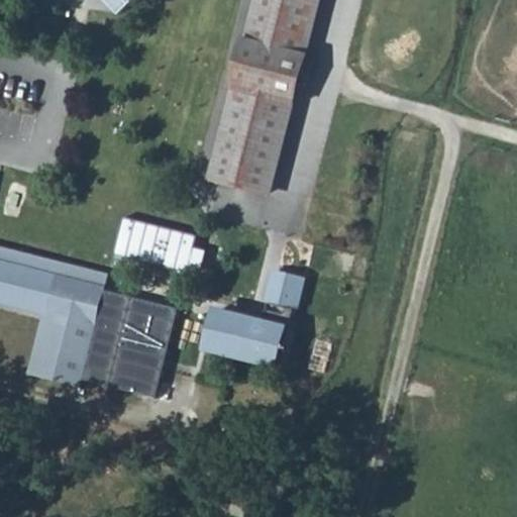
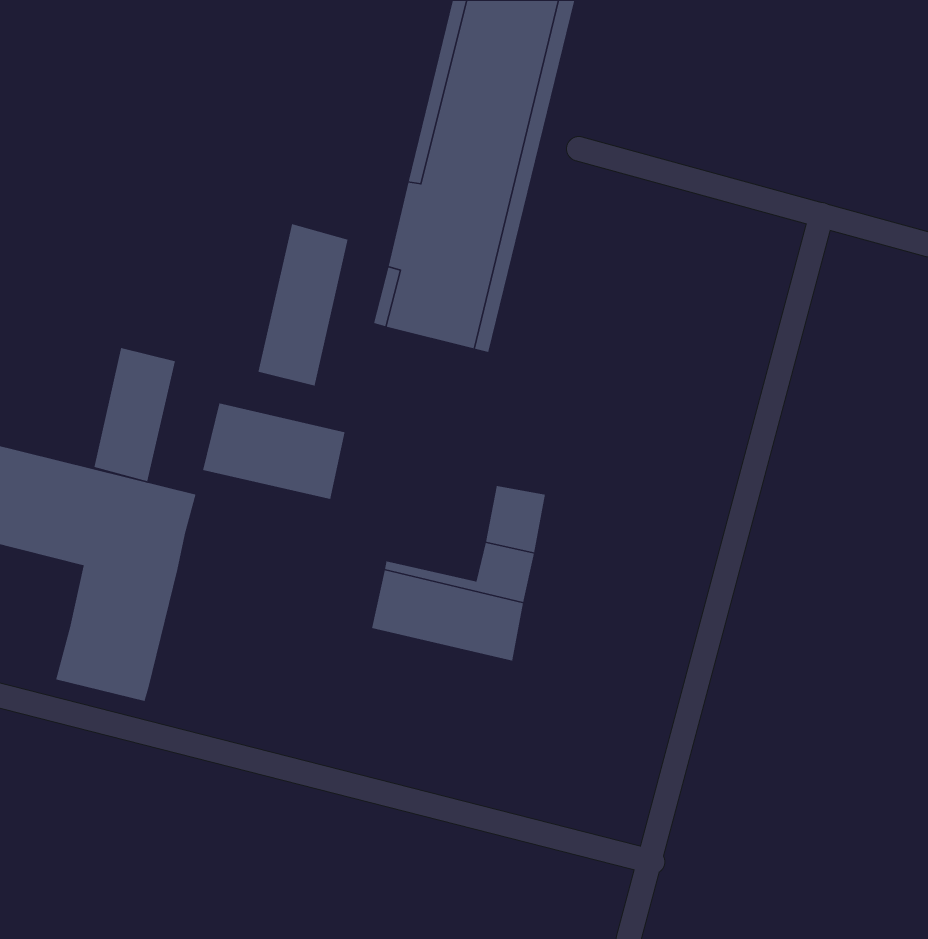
building: none -> [257,223,348,386]
building: none -> [94,347,176,482]
building: [82,294,172,398] -> none

